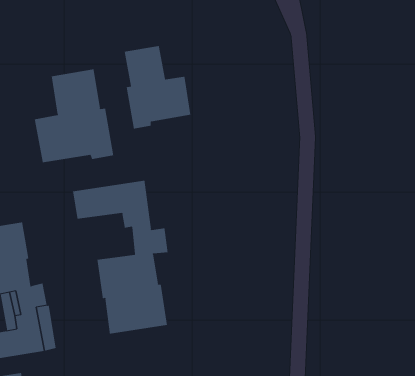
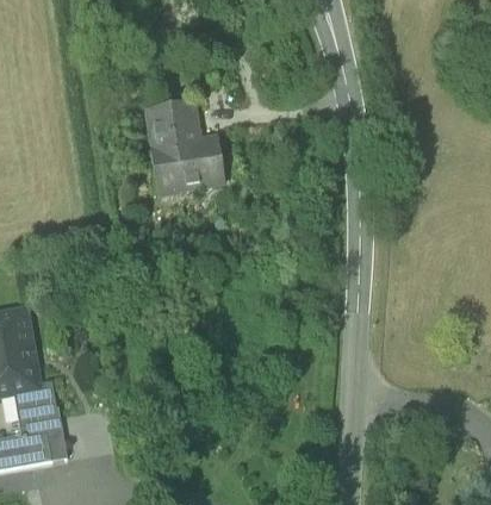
building: [34,69,114,163] -> none
building: [72,180,168,334] -> none

